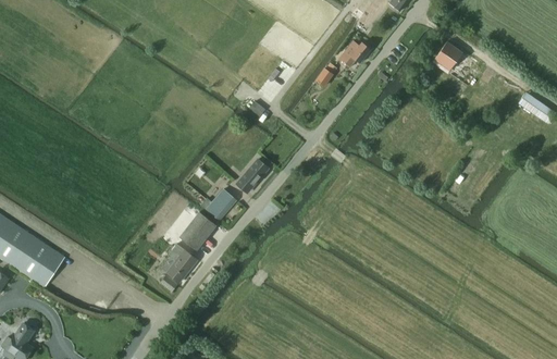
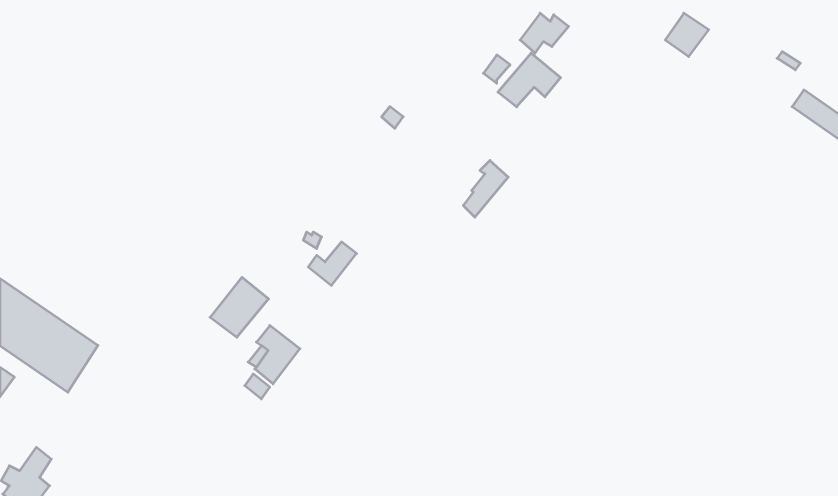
building: none -> [498,53,561,107]
building: [238,156,268,193] -> [463,160,508,217]
building: [178,211,216,250] -> [210,277,269,337]

